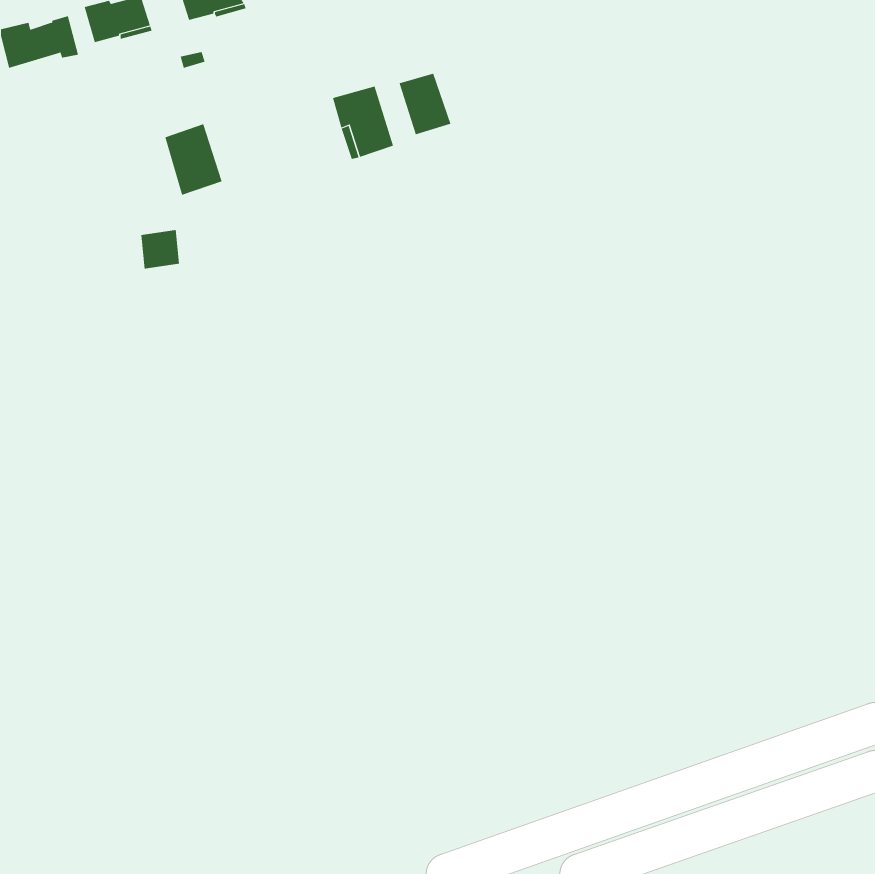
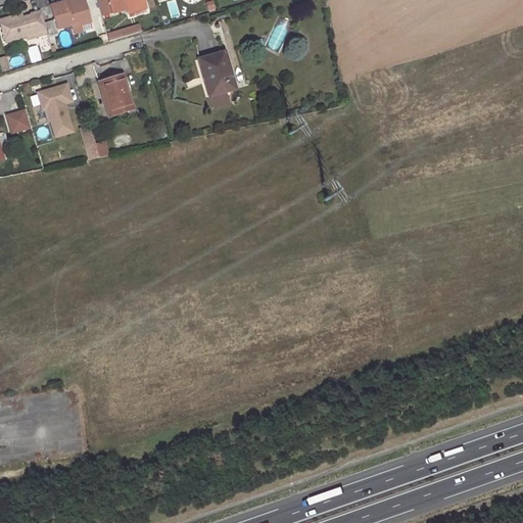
building: [399,73,451,135] -> none
building: none -> [36,82,78,136]
building: none -> [4,108,31,135]

